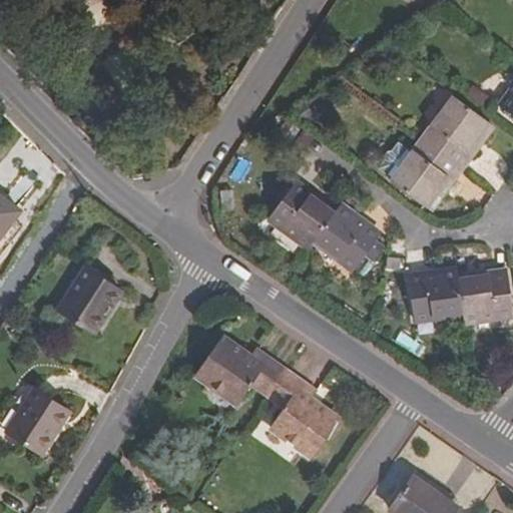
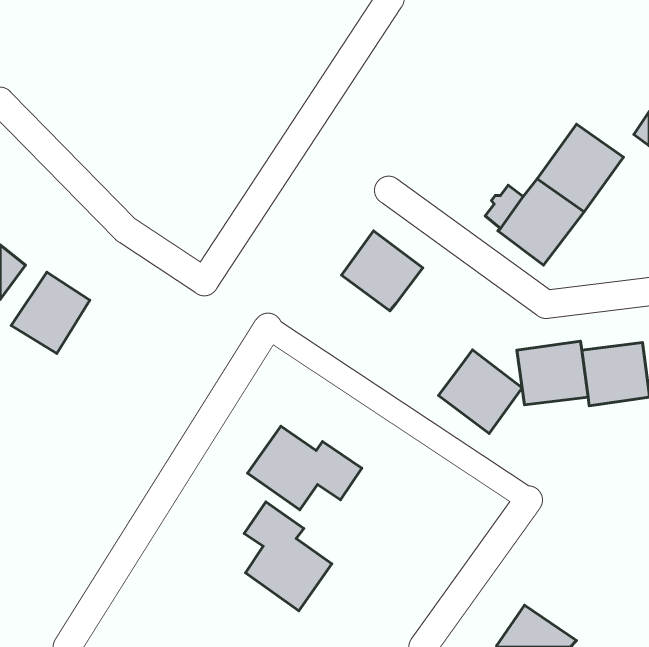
building: [313,203,379,270] -> [438,350,522,434]
building: [59,267,121,331] -> [11,272,90,353]
building: [269,370,338,456] -> [244,502,332,611]
building: [9,391,71,455] -> none

